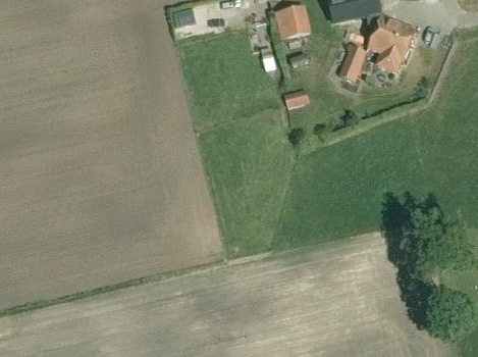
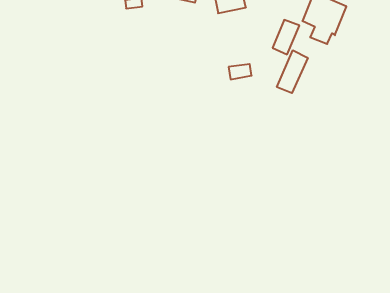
building: none -> [277,50,308,93]

